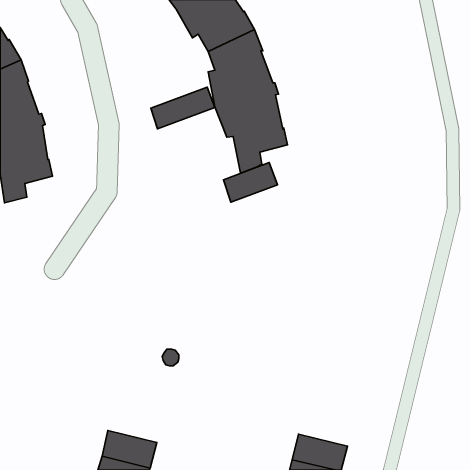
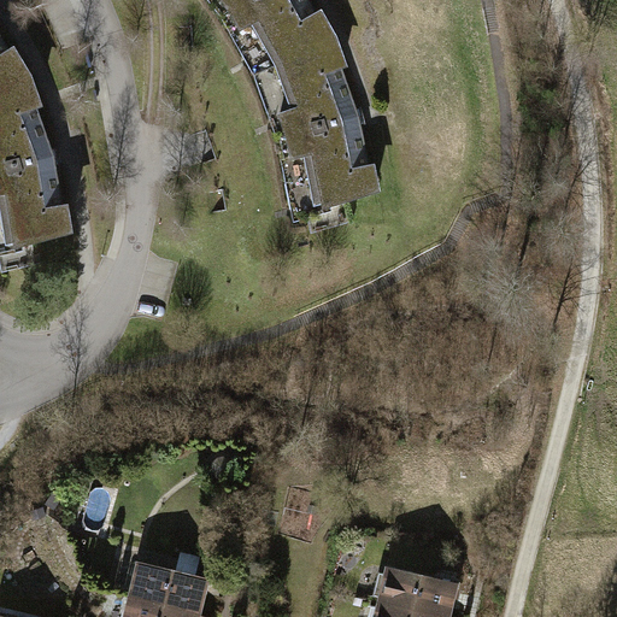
building: [151,87,215,129] -> none
building: [223,162,278,202] -> none

